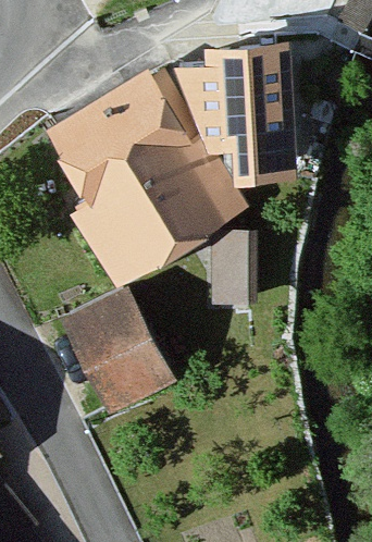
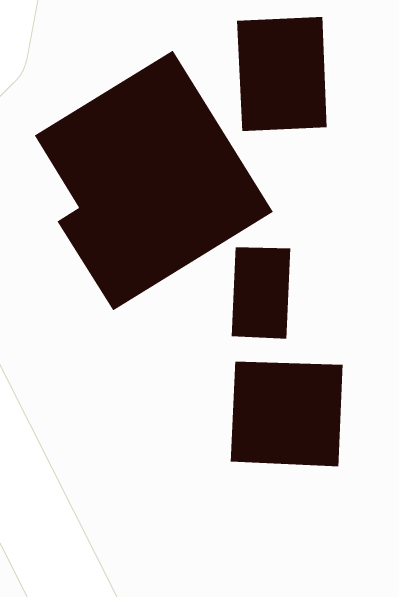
building: [61,286,174,412] -> none
building: none -> [230,361,343,467]

